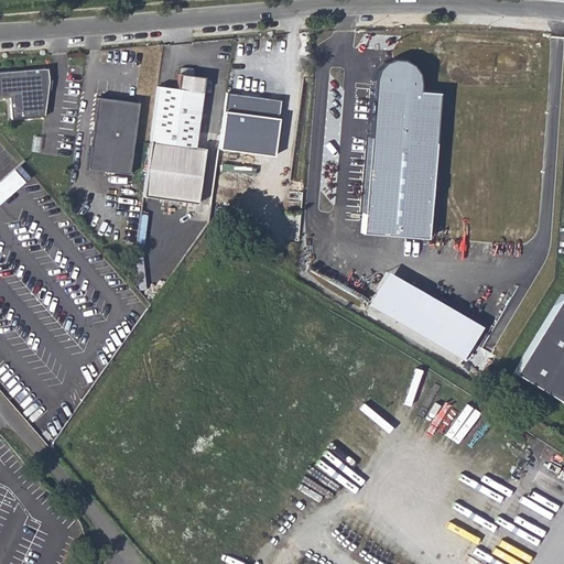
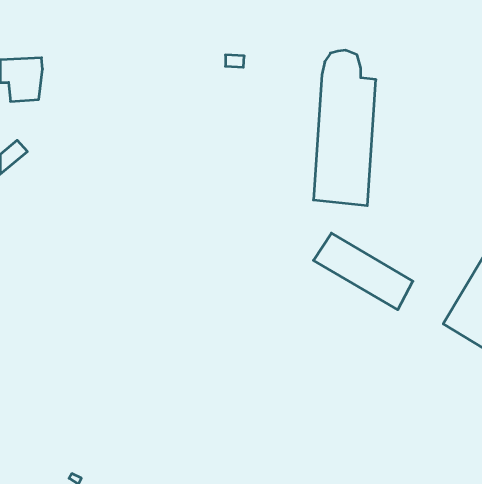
building: [145,67,203,203] -> none
building: [223,94,284,155] -> none
building: [90,97,142,173] -> none

